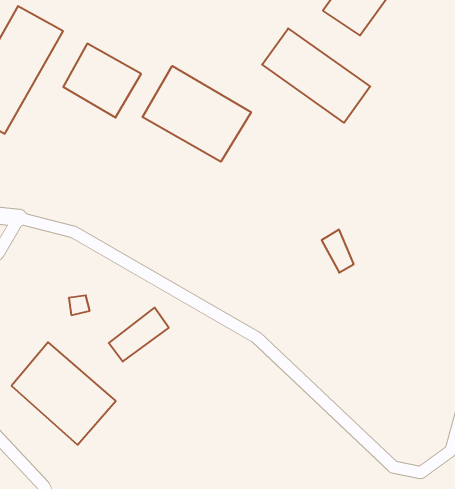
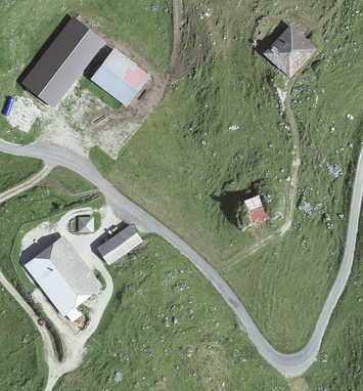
building: [262,28,370,123] -> none
building: [142,66,251,162] -> none

